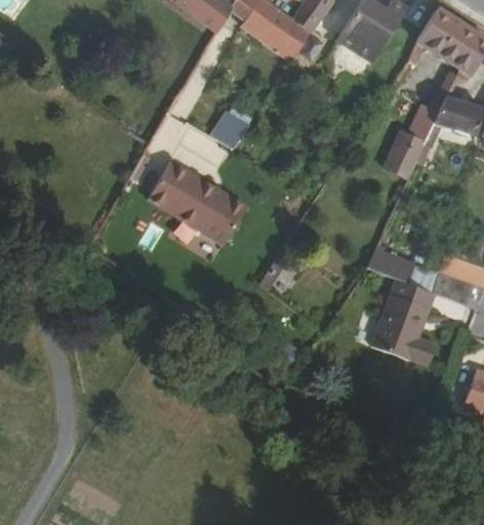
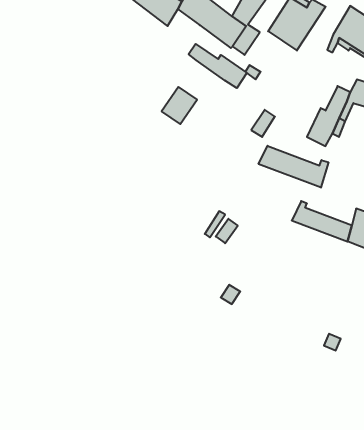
building: none -> [189,44,247,88]
building: [149,161,246,244] -> none
building: none -> [259,146,328,188]
building: [371,280,437,365] -> none

